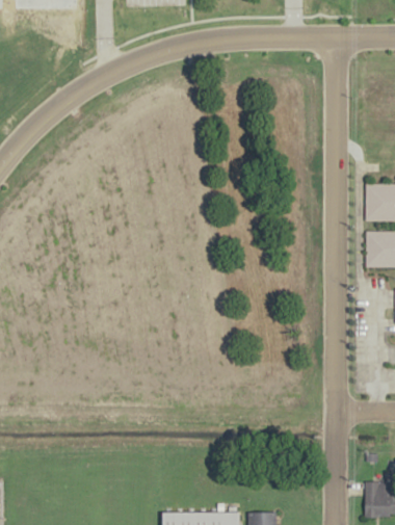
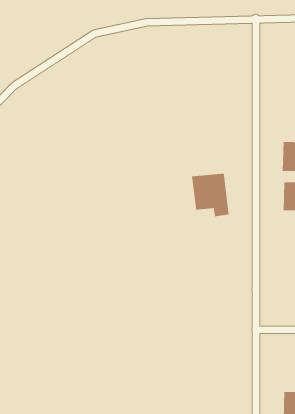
building: none -> [192,173,229,217]

